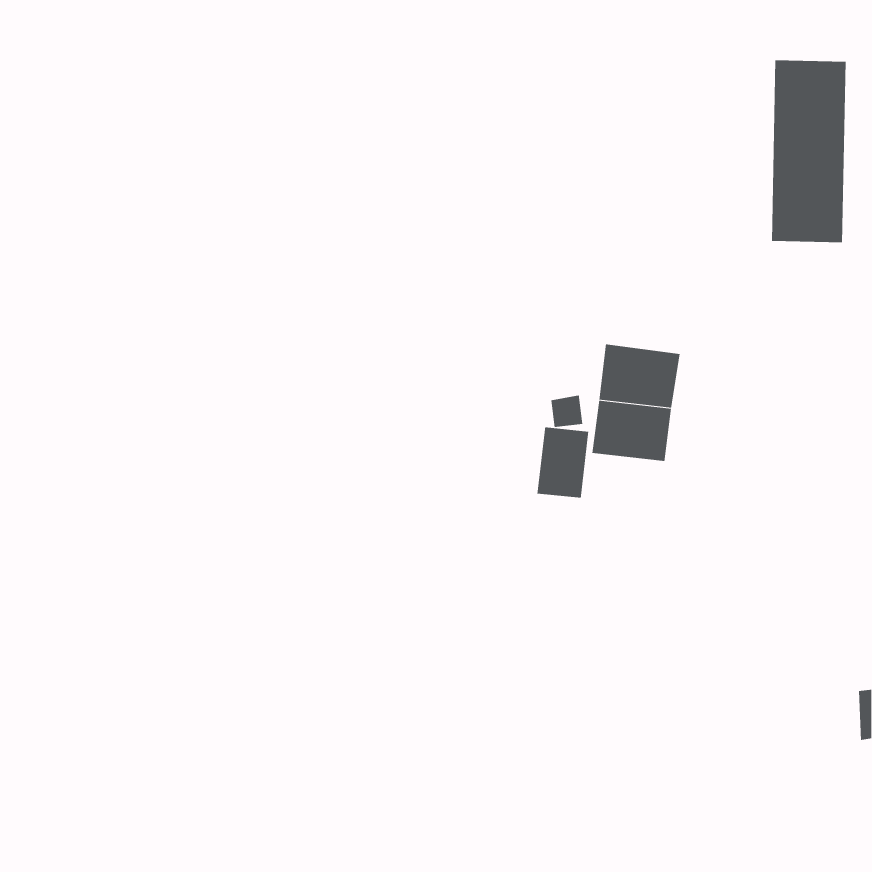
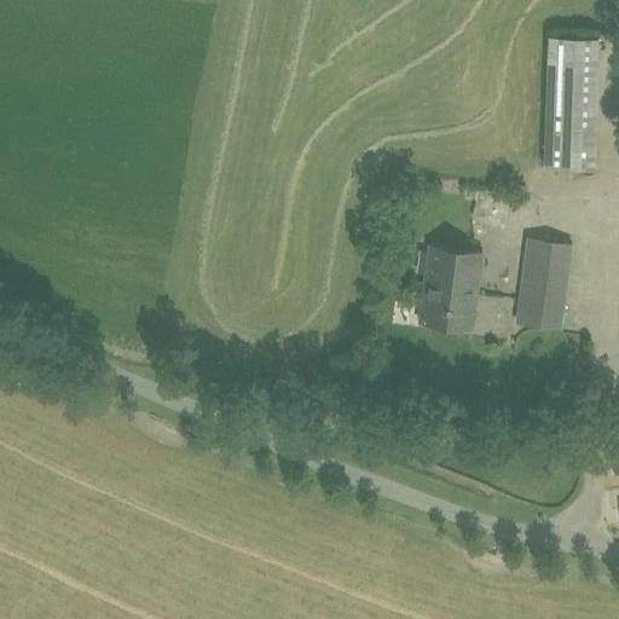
building: none -> [514,237,572,329]
building: [537,427,589,499] -> none

